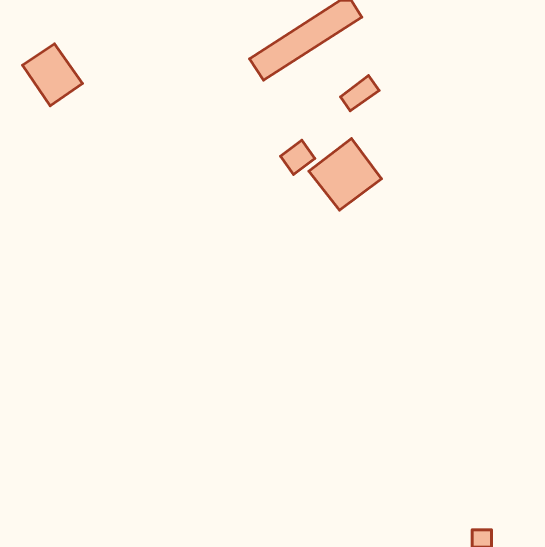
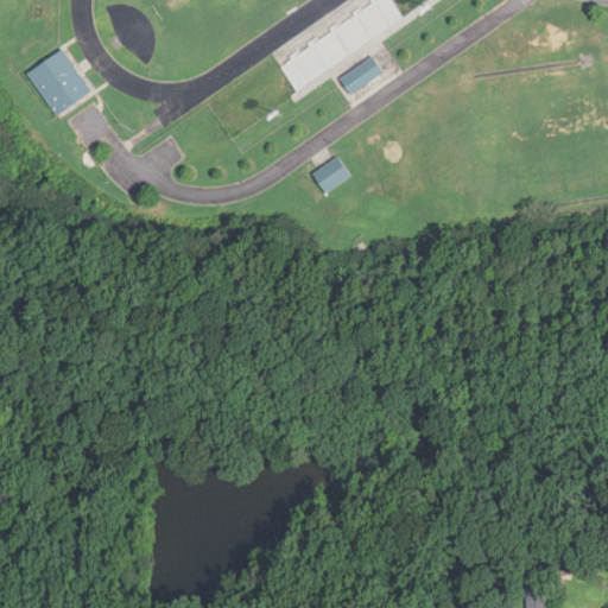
building: [341,76,379,111] -> [340,56,382,95]
building: [309,139,382,210] -> none

